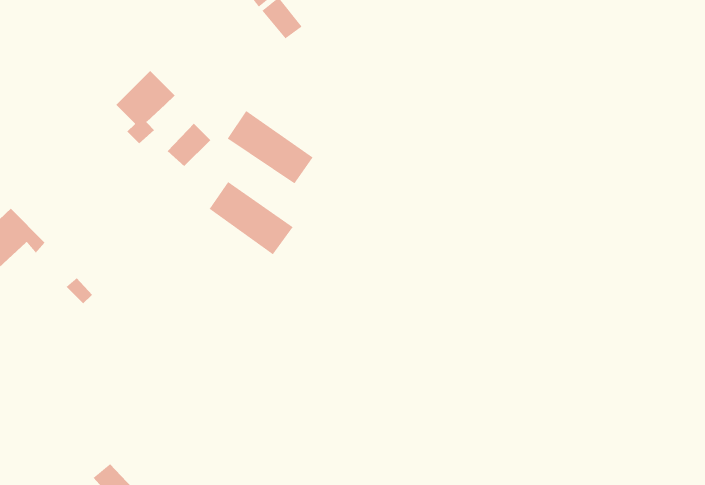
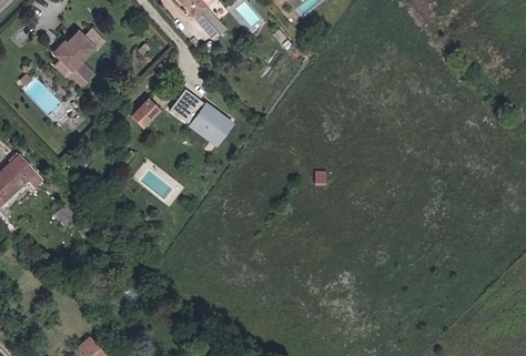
building: [116,70,175,144] -> [54,27,97,79]
building: [209,181,293,255] -> none

